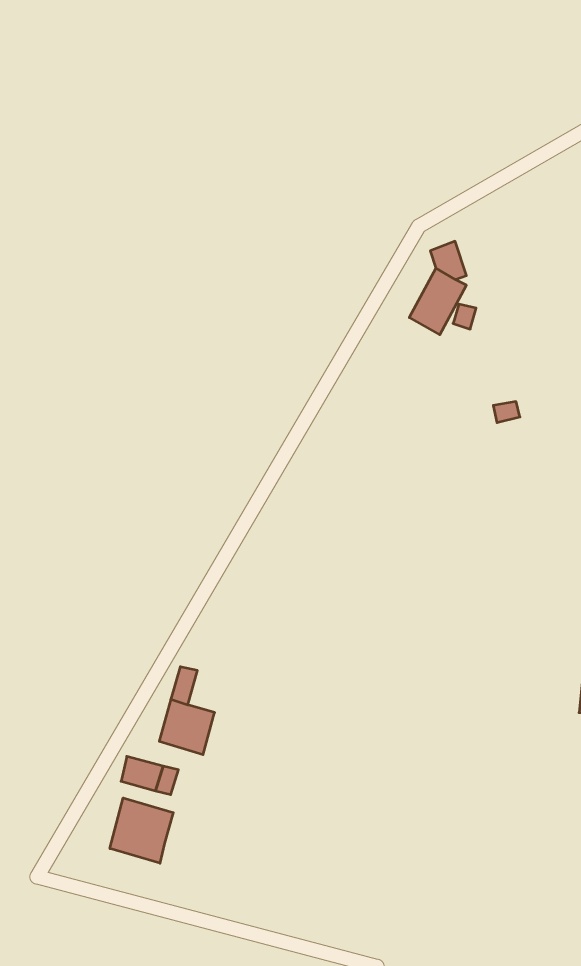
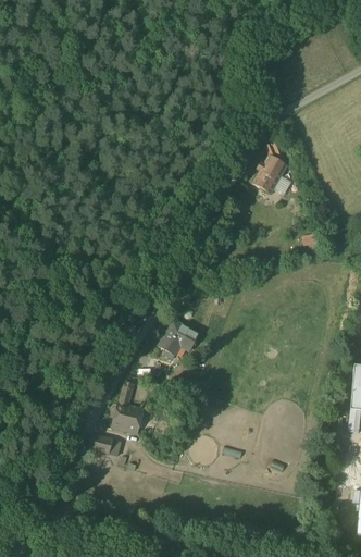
building: none -> [158,319,199,354]
building: [110,798,173,863] -> none

